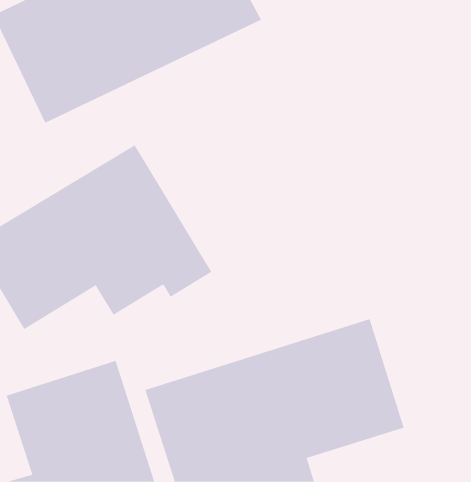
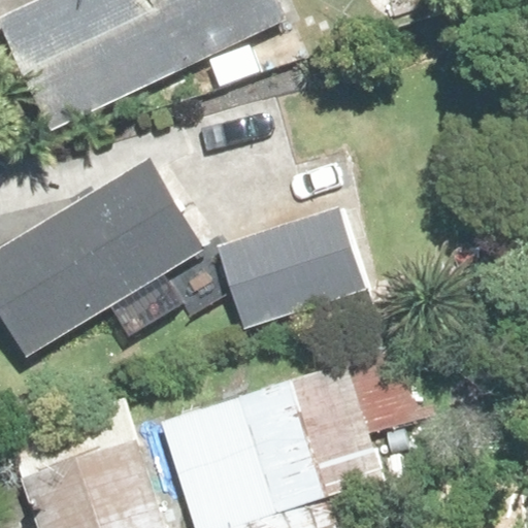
building: none -> [216,203,365,329]

